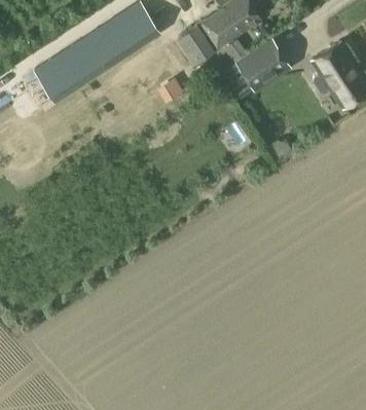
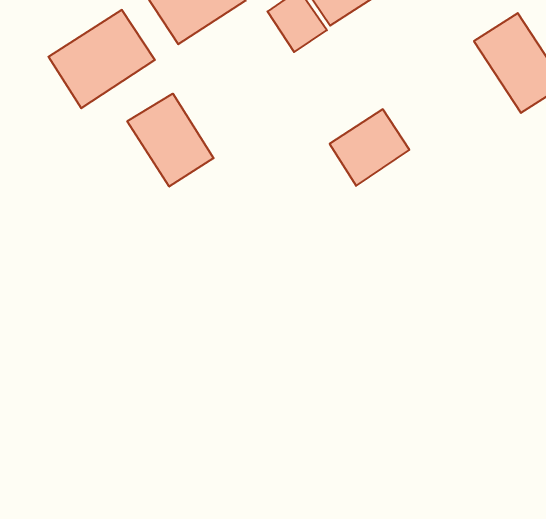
building: [237,38,290,88] -> [330,109,409,186]
building: none -> [127,94,214,187]

